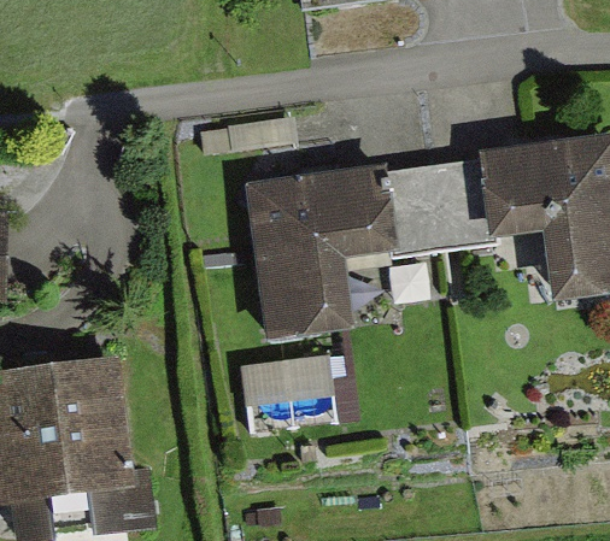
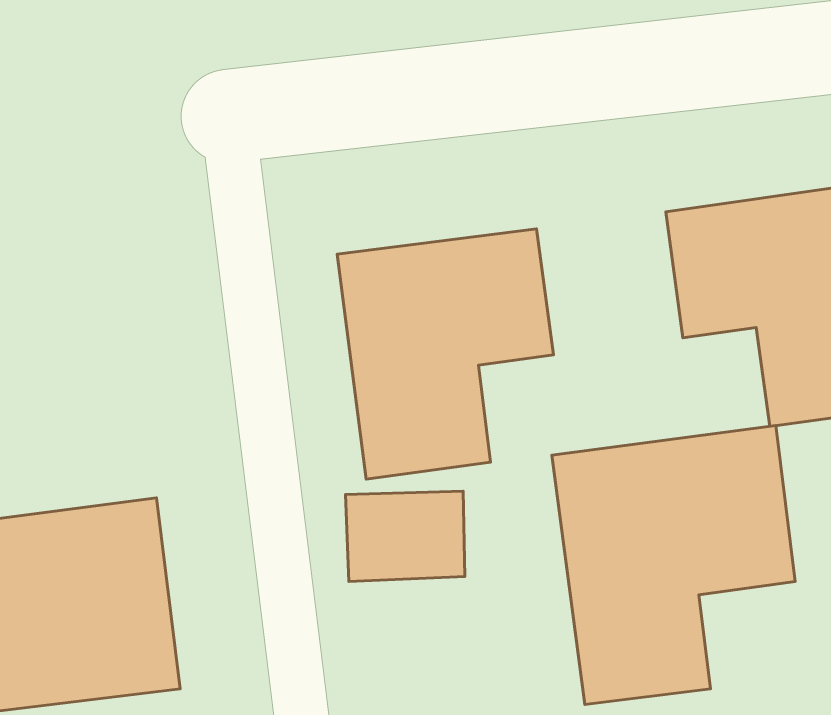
building: [388,152,492,253] -> none
building: none -> [552,426,795,704]

